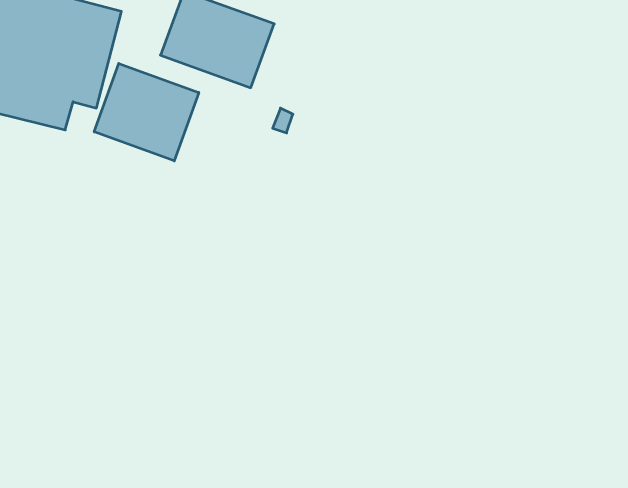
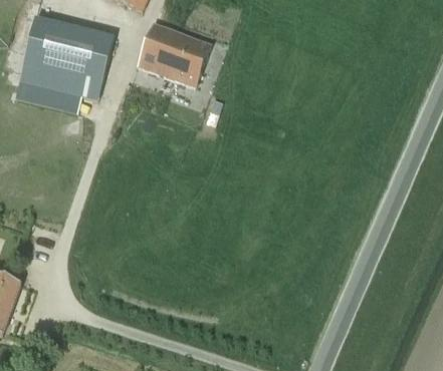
building: [94,63,199,161] -> none

